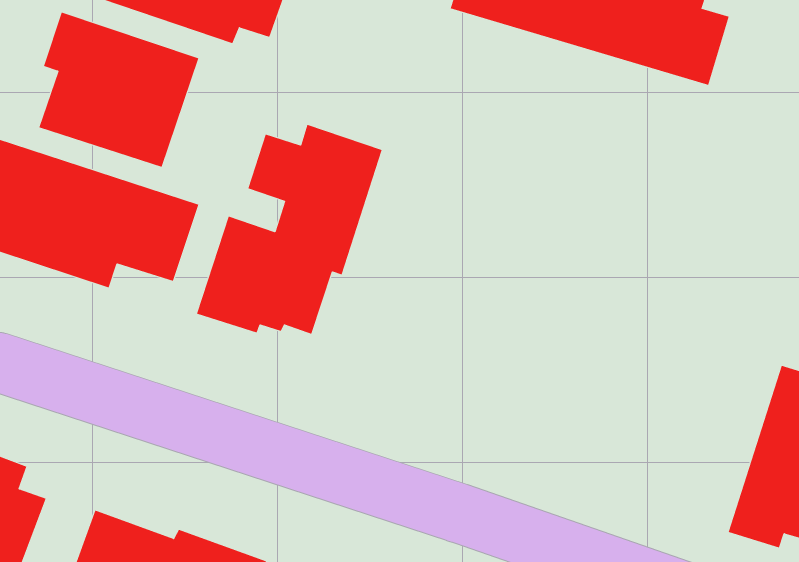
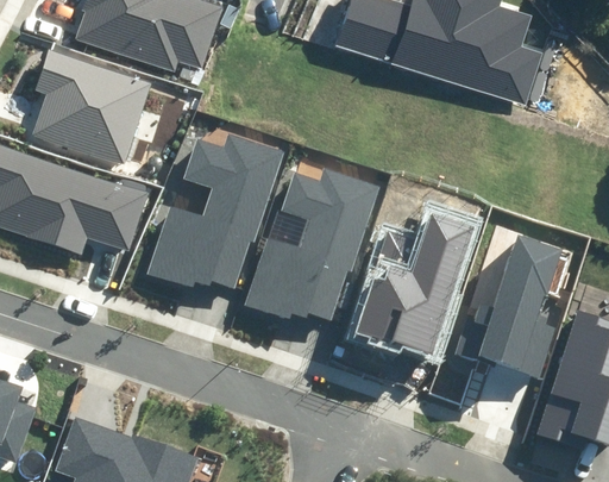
building: none -> [244,169,378,321]
building: none -> [354,209,475,353]
building: none -> [456,232,559,378]

